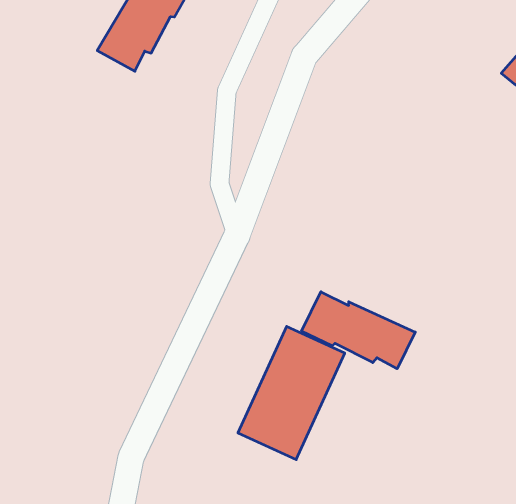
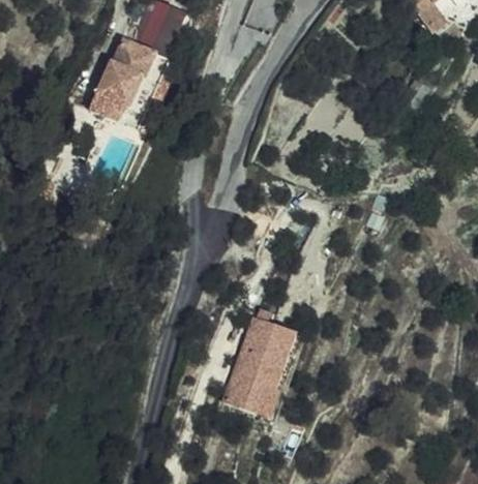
building: [302,292,415,369] -> none

